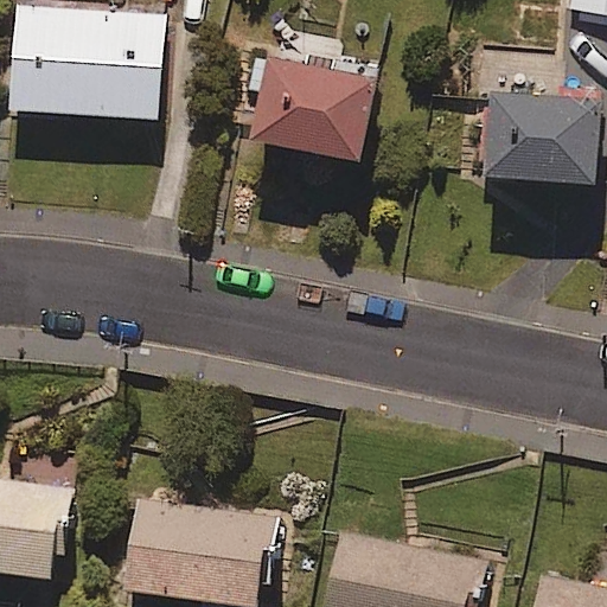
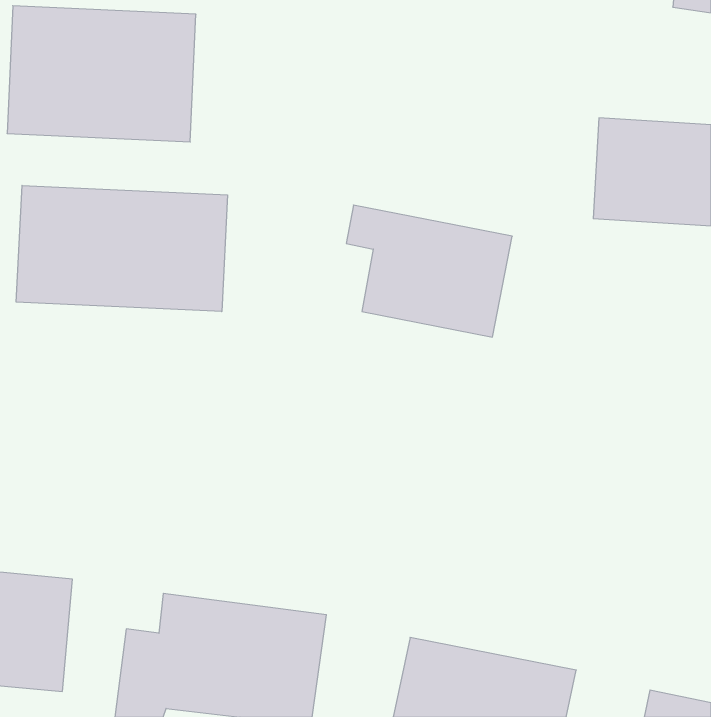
building: [245,57,384,167] -> [346,205,512,337]
building: none -> [16,185,227,312]

